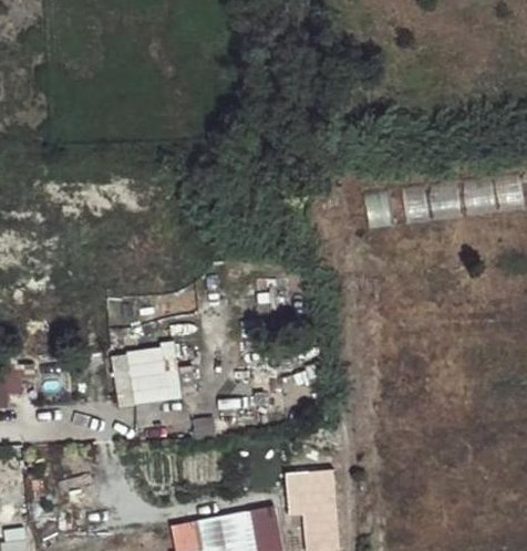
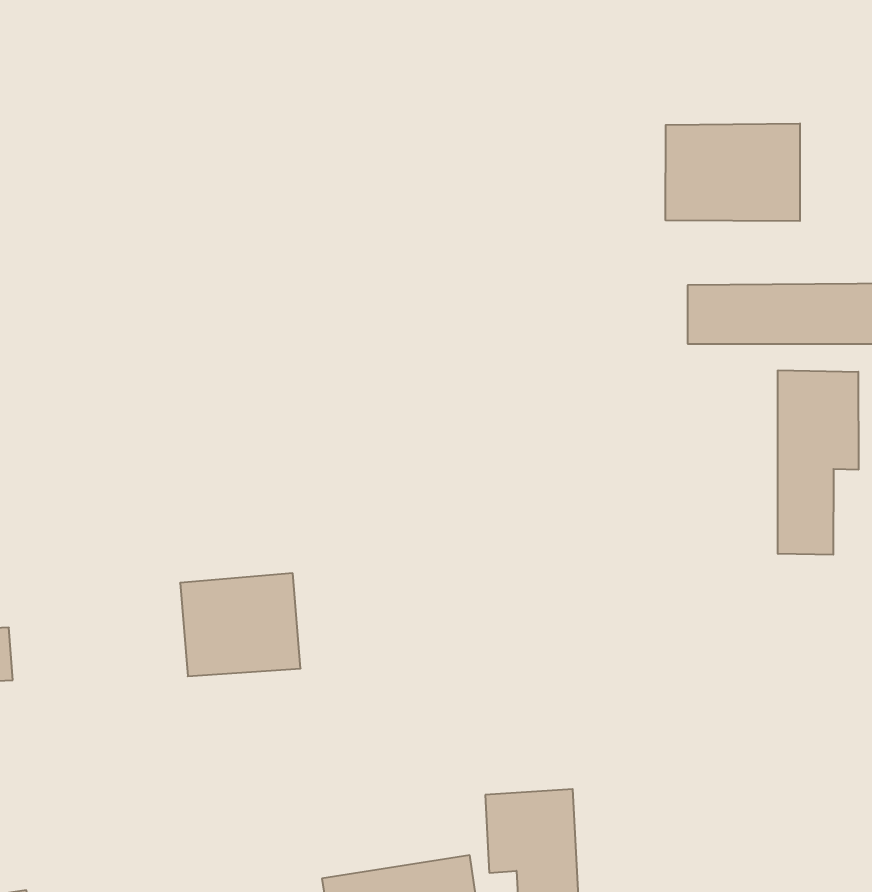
building: none -> [666,123,800,221]
building: none -> [778,370,858,555]

